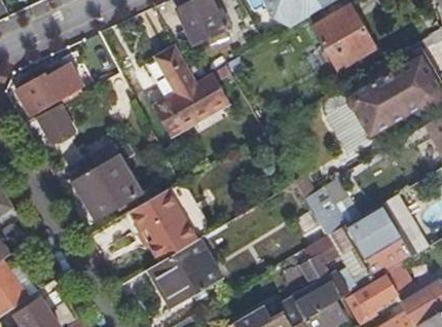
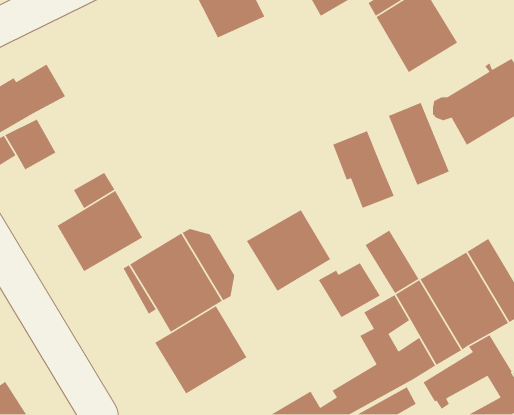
building: [153,43,229,137] -> none
building: none -> [332,130,395,209]
building: none -> [246,209,331,292]
building: none -> [318,262,381,318]

